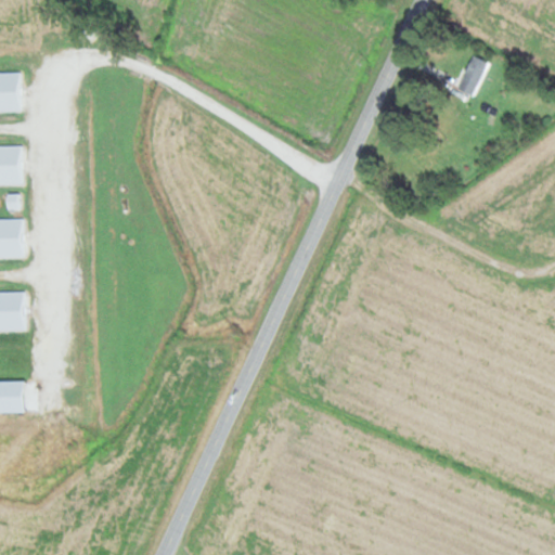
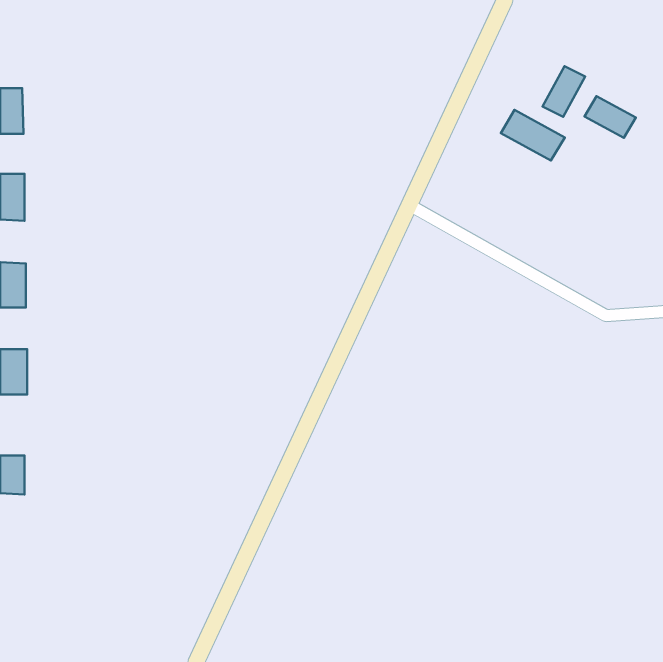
building: none -> [584,96,636,138]
building: none -> [501,110,565,161]

